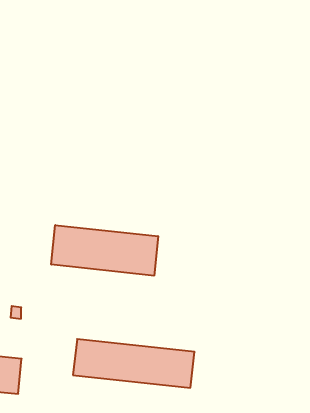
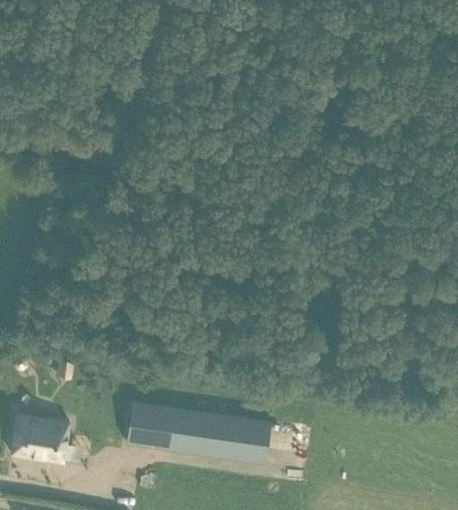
building: [51,225,158,276] -> none

